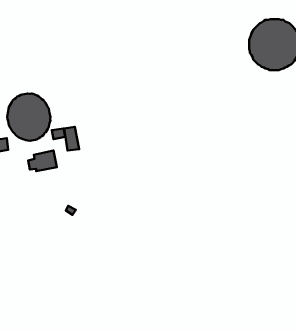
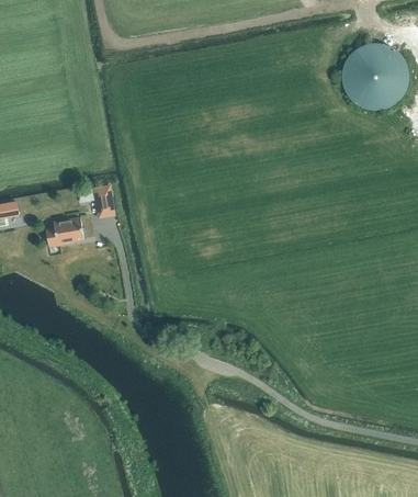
building: [7,93,50,141] -> none

